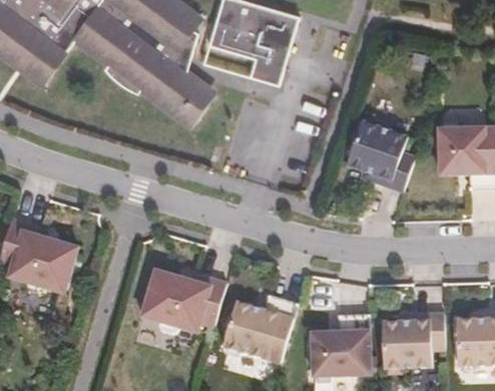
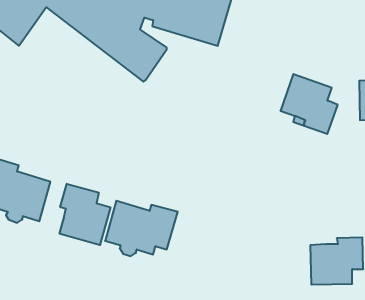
building: none -> [60,184,110,245]
building: [222,294,298,361] -> none
building: [311,313,371,375] -> none

